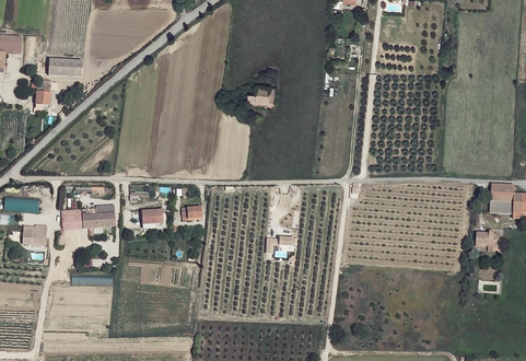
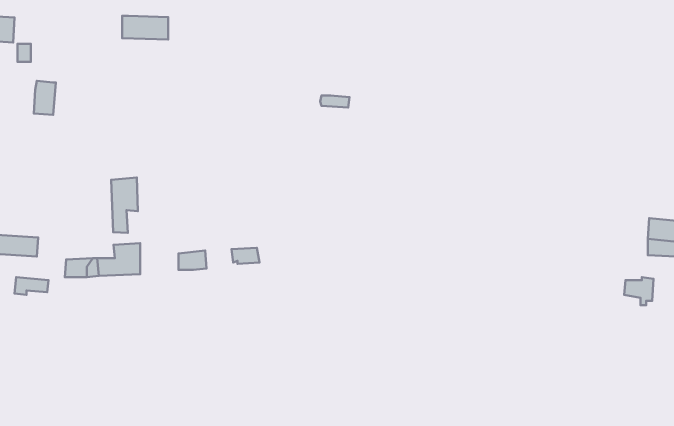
building: [48,57,82,74] -> [122,16,168,39]
building: none -> [111,177,138,233]

